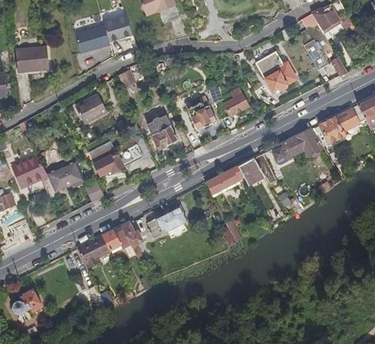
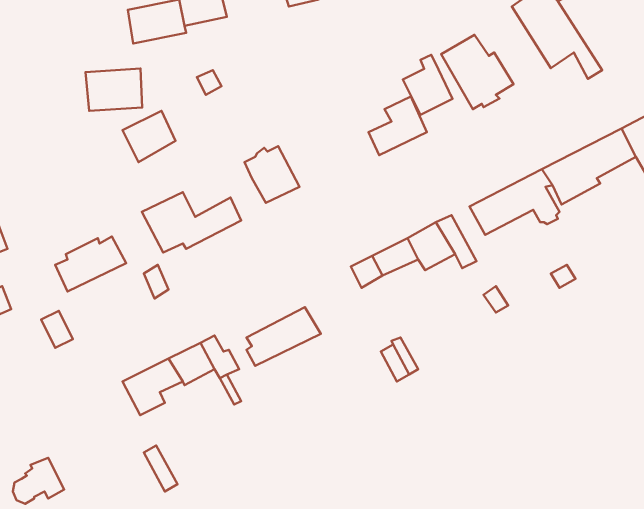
building: [15,49,47,73] -> [86,68,142,111]
building: [185,95,213,129] -> [403,55,452,115]
building: [16,156,45,183] -> none

